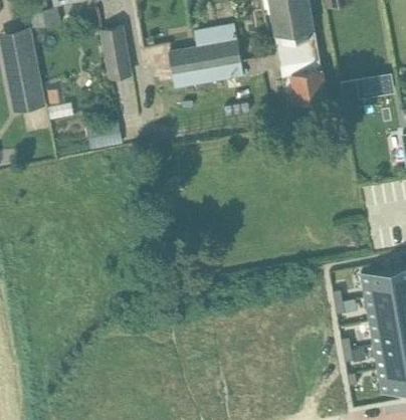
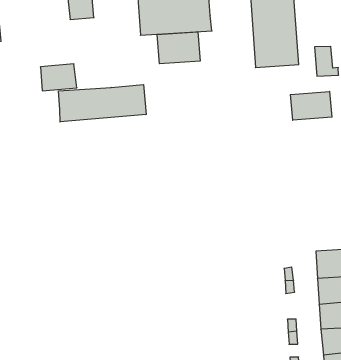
building: none -> [157,32,200,64]
building: none -> [290,91,332,120]
building: none -> [59,85,146,122]

